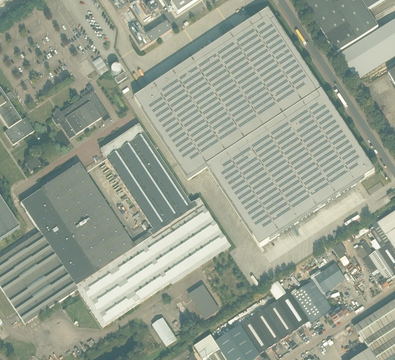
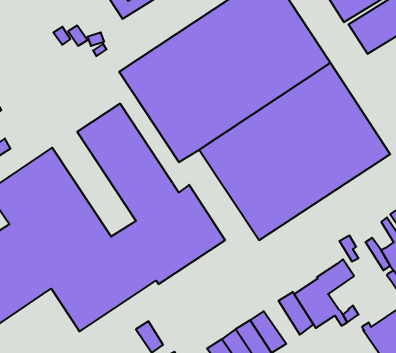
building: [52,84,109,136] -> none
building: [189,283,219,317] -> none
building: [265,298,297,336] -> none

